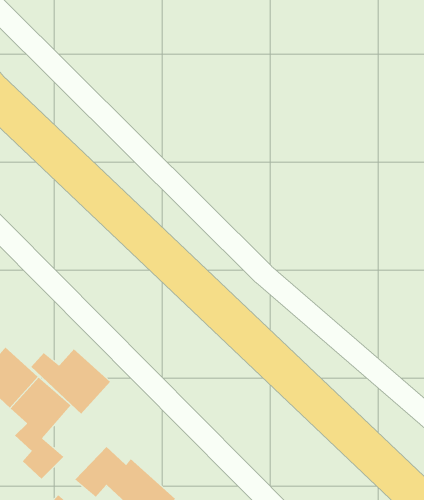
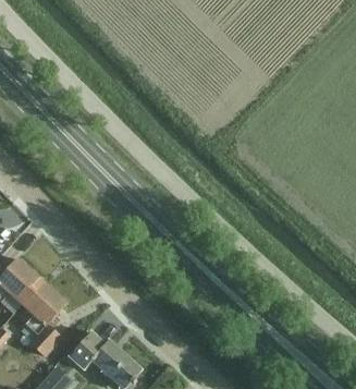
building: [31,348,111,414] -> none

